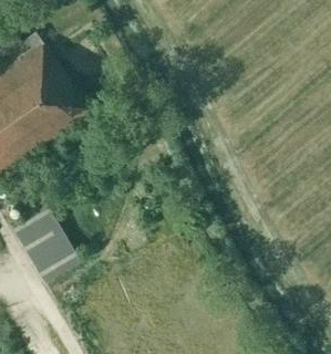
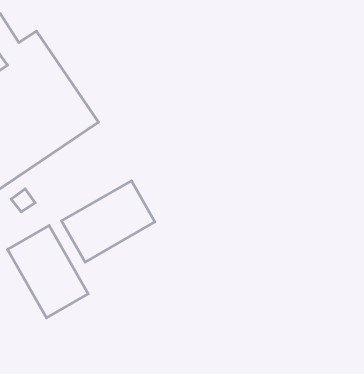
building: none -> [62,181,155,262]

